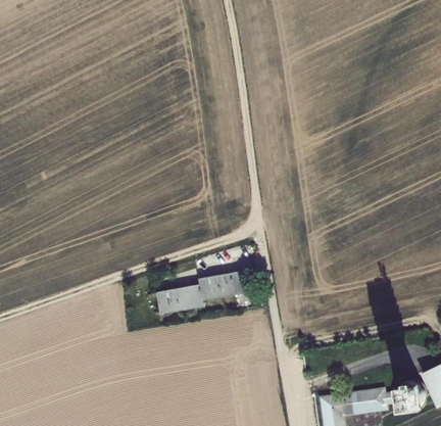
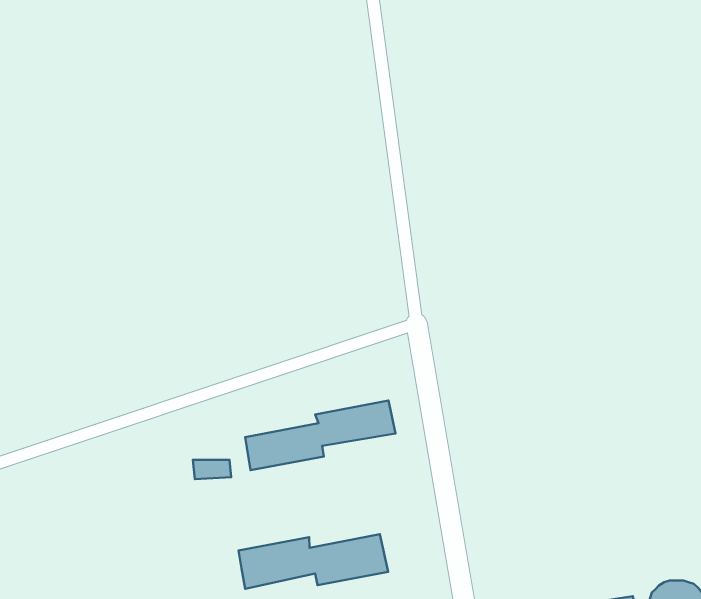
building: none -> [239,534,388,589]

